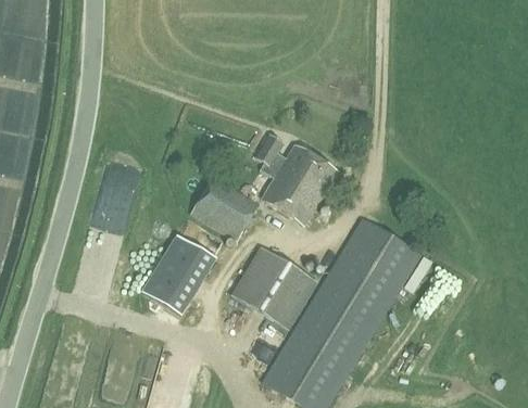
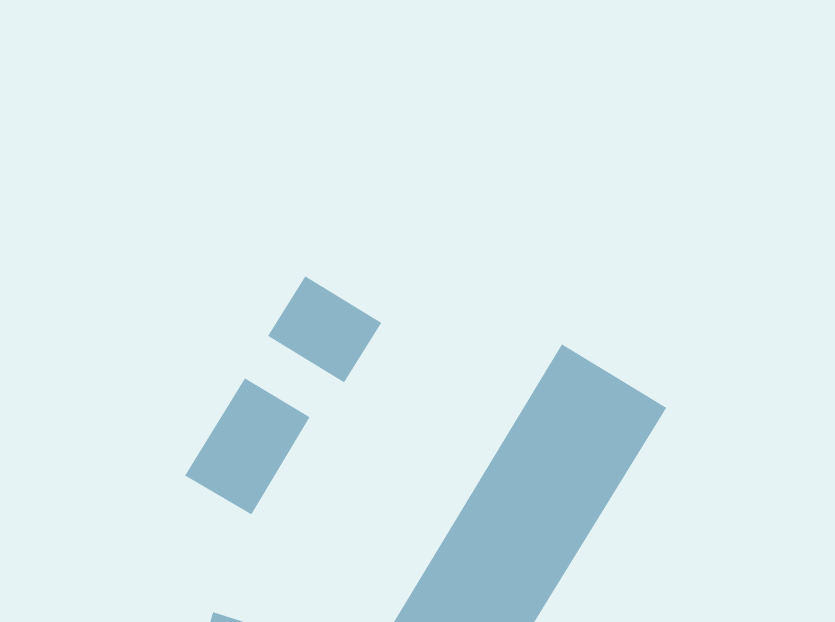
building: [255,135,337,225] -> none
building: [230,245,319,330] -> none

